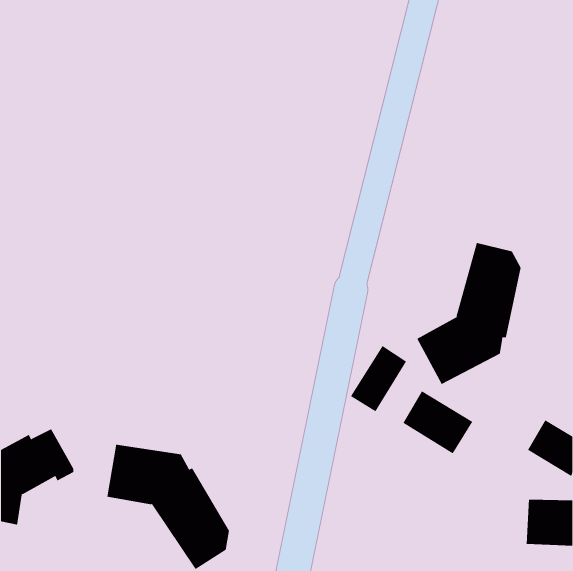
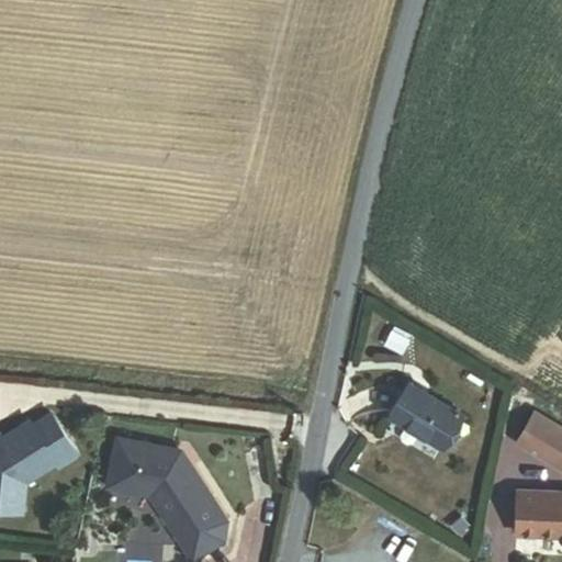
building: [417,242,521,385] -> none
building: [350,345,407,412] -> none

